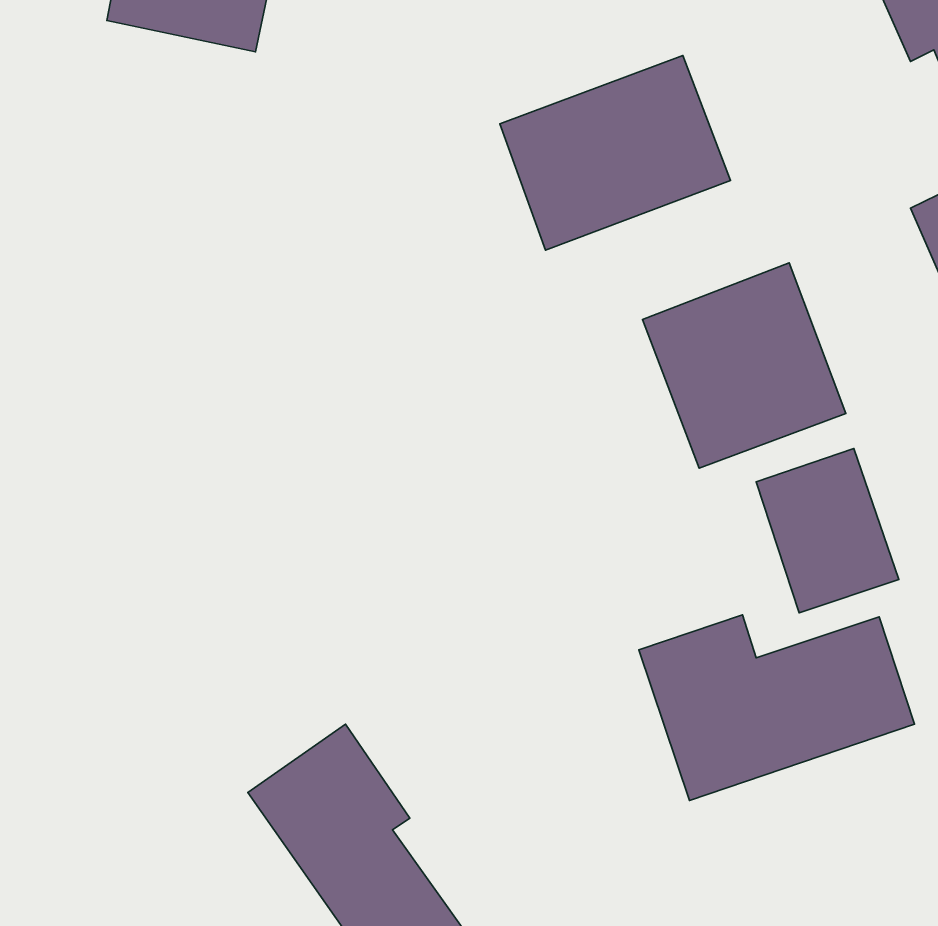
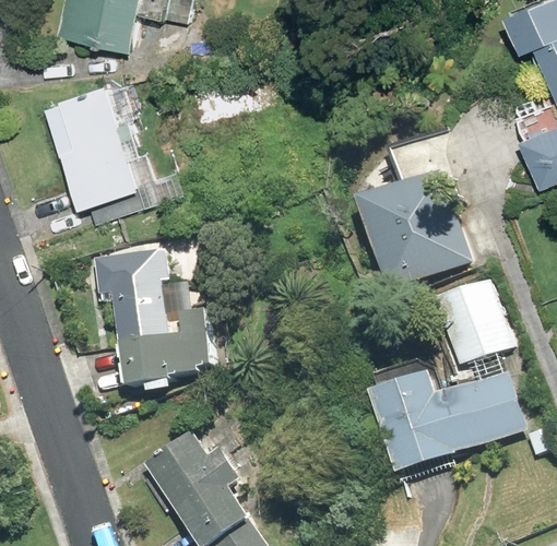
building: [500,55,730,250] -> none
building: none -> [56,75,166,214]
building: none -> [91,247,212,385]

